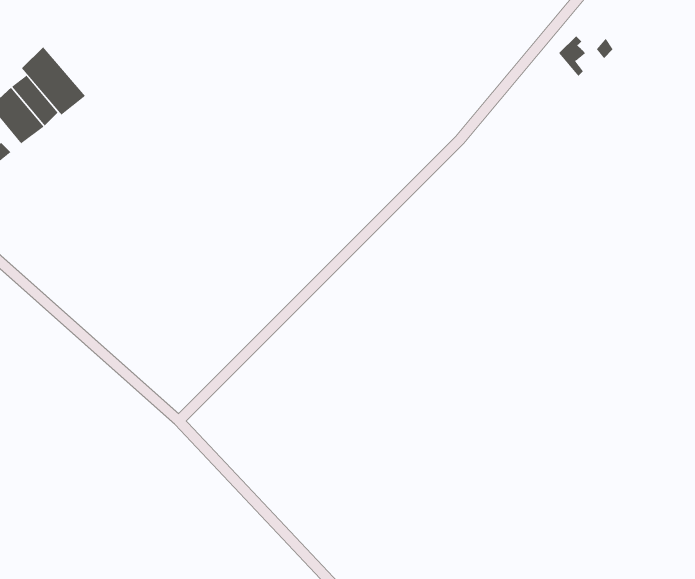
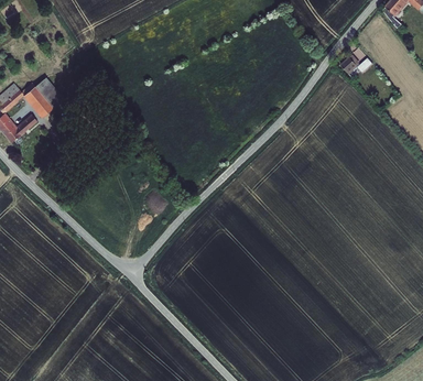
building: [21,46,86,115] -> none

